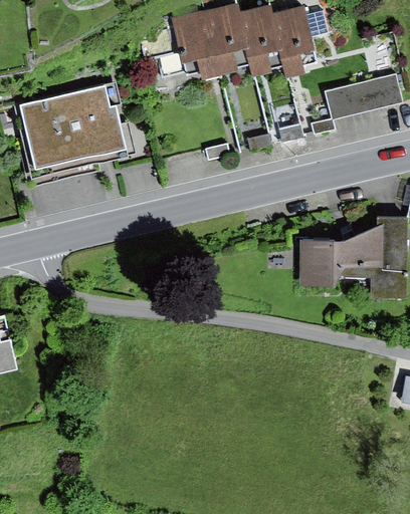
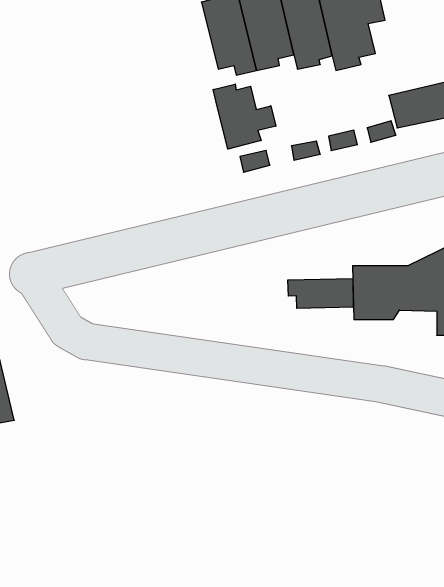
building: [15,84,126,174] -> none
building: none -> [213,84,276,149]
building: none -> [288,278,353,308]

